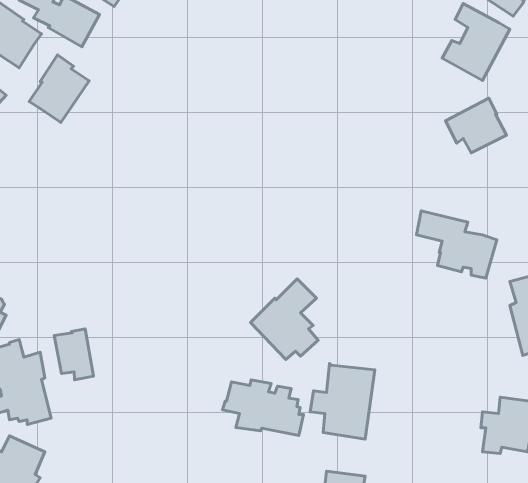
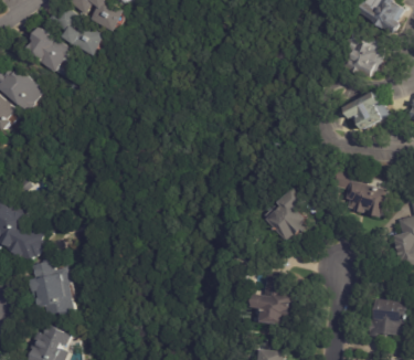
building: [29,55,89,123] -> none
building: [251,279,318,359] -> [262,187,308,242]
building: [54,329,93,380] -> none
building: [223,380,304,435] -> none

